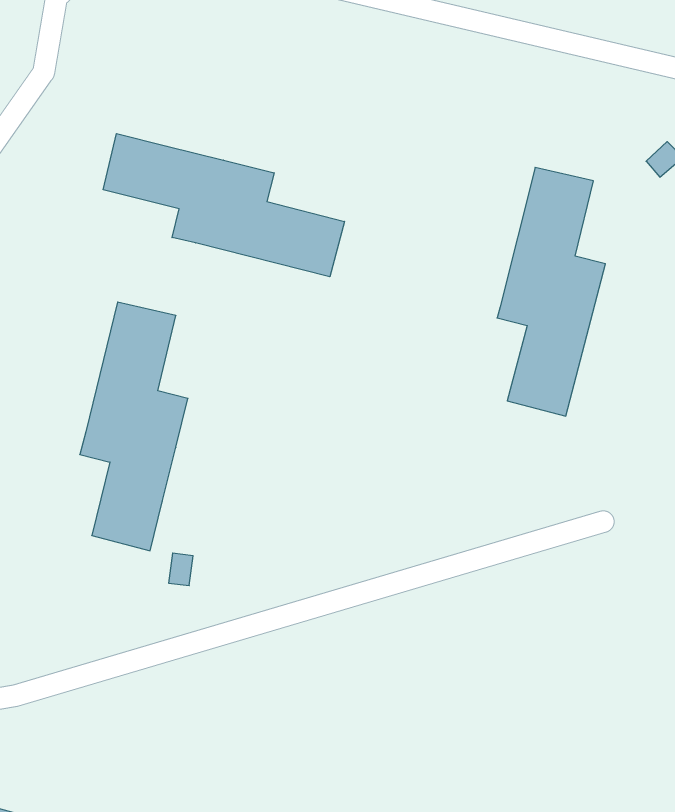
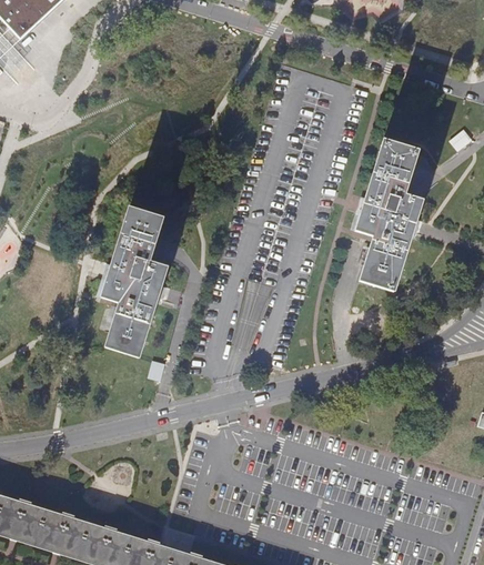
building: [103,134,344,277] -> none

